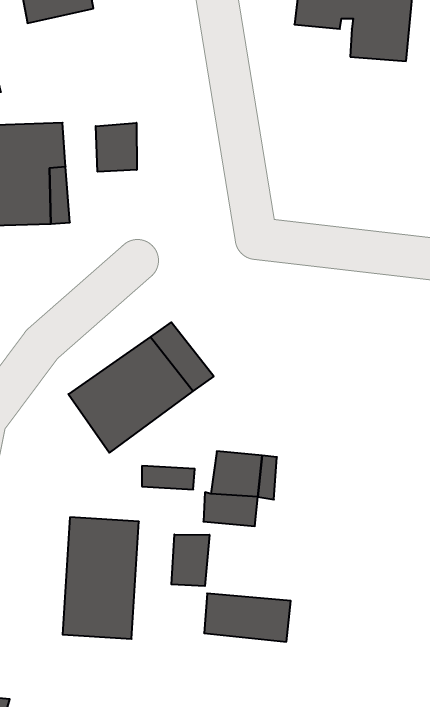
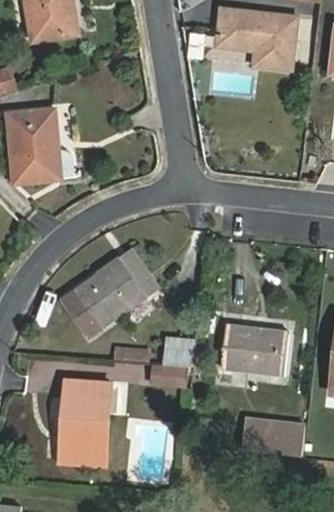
building: [96,123,137,172] -> none
building: none -> [220,323,291,376]
building: [171,534,209,586] -> none
building: [204,593,291,642] -> [241,421,300,454]

